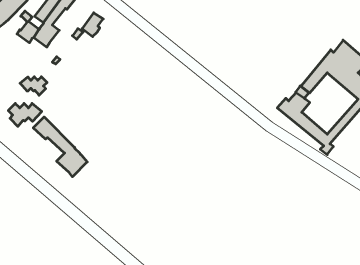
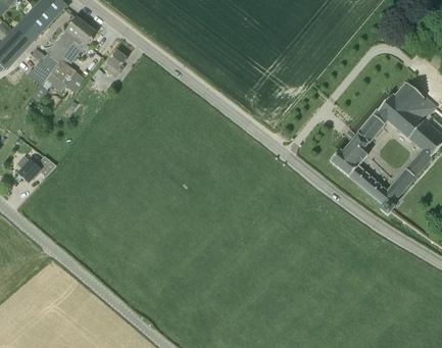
building: [20,77,47,95] -> none
building: [33,117,87,177] -> none

